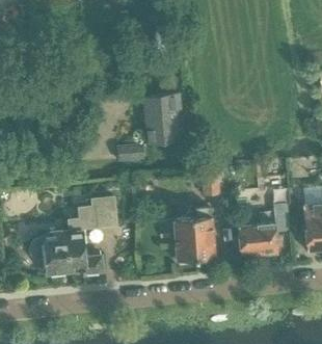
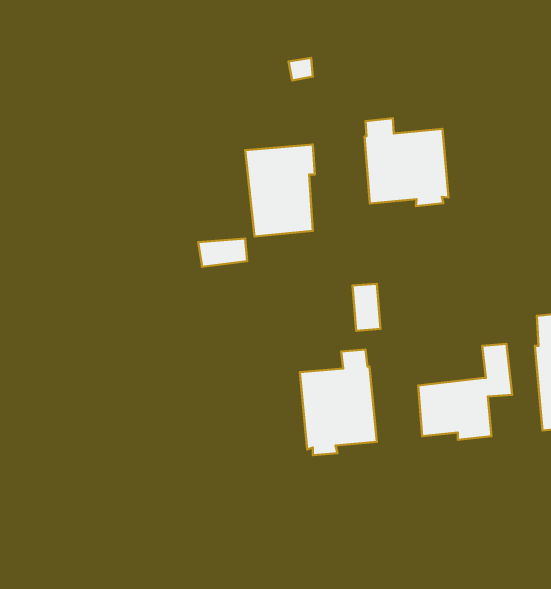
building: none -> [364,118,449,206]
building: [30,197,116,275] -> none

